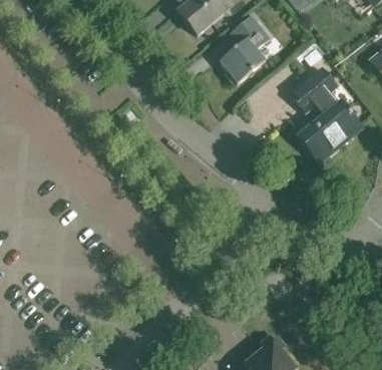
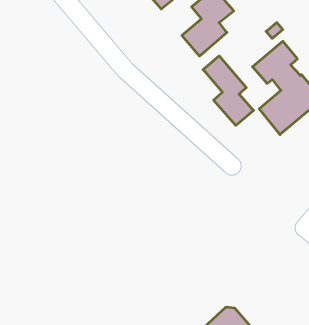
building: none -> [203,56,254,125]

